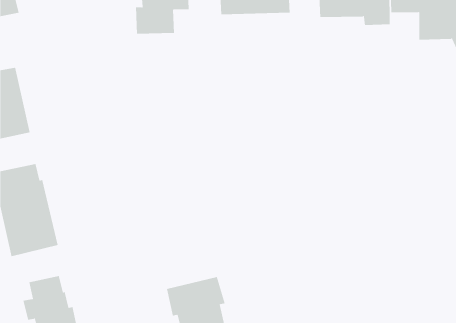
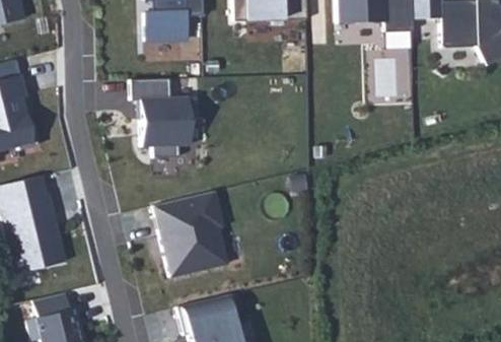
building: none -> [139,97,188,145]
building: none -> [153,190,227,276]

